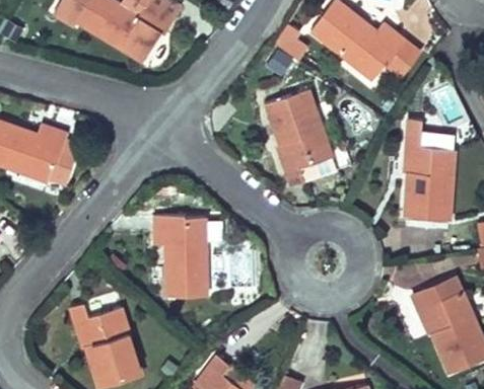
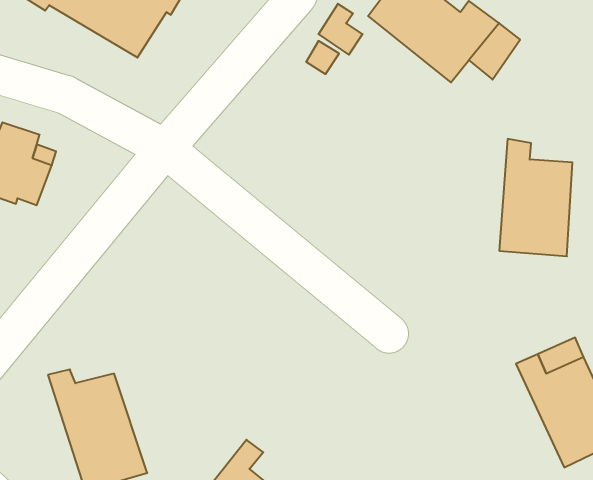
building: [271,80,342,174] -> none
building: [156,211,208,291] -> none

